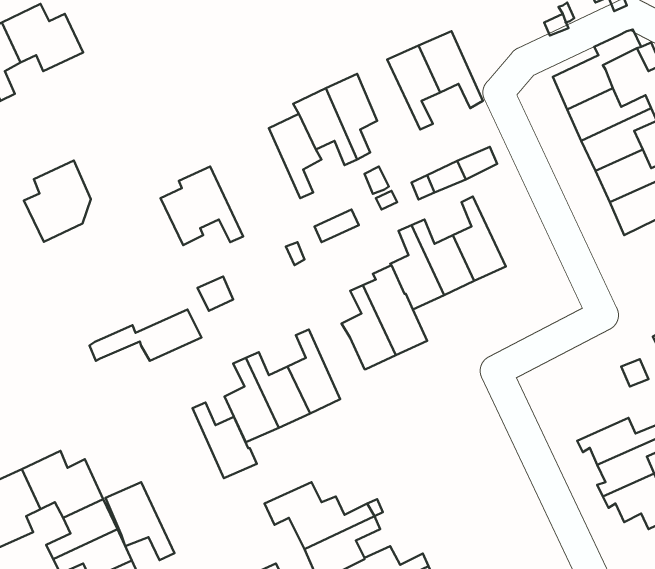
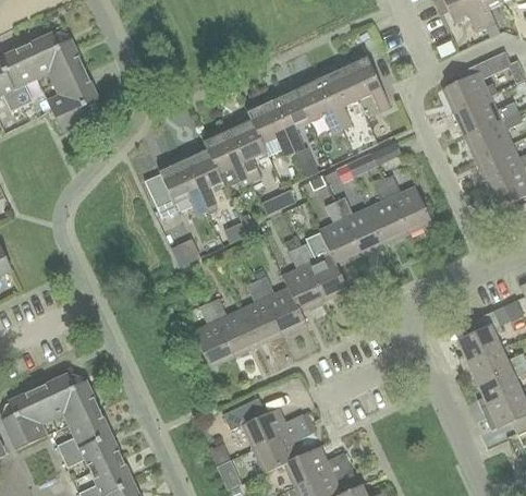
building: none -> [294,75,342,134]
building: none -> [182,128,250,210]
building: [24,161,91,242] -> [47,70,98,132]
building: none -> [382,176,432,233]
building: [89,309,202,361] -> none
building: none -> [457,311,503,366]
building: [193,402,257,478] -> [257,277,306,335]
building: [105,482,174,560] -> none

